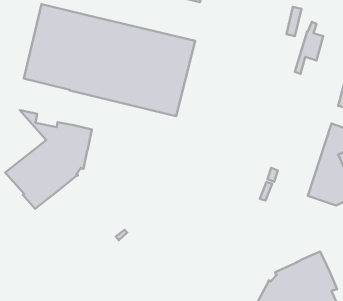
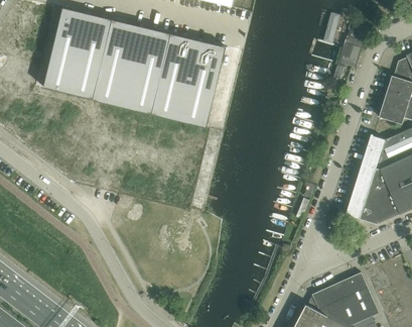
building: [5,110,92,209] -> none

